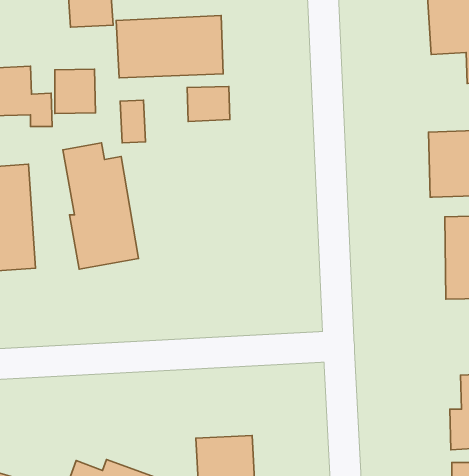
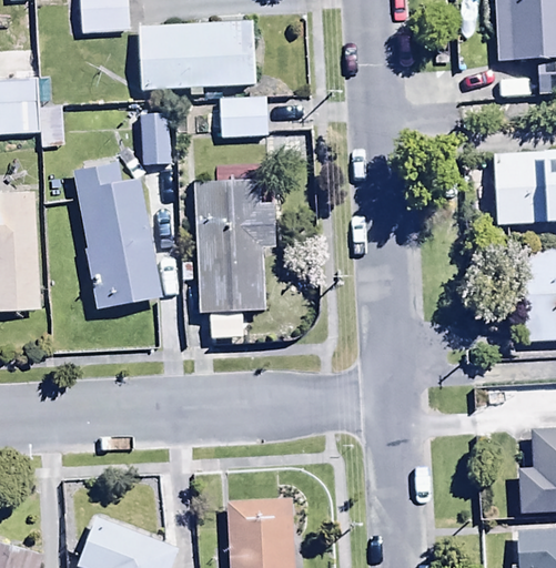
building: [55,69,96,114] -> none
building: none -> [194,176,277,312]

